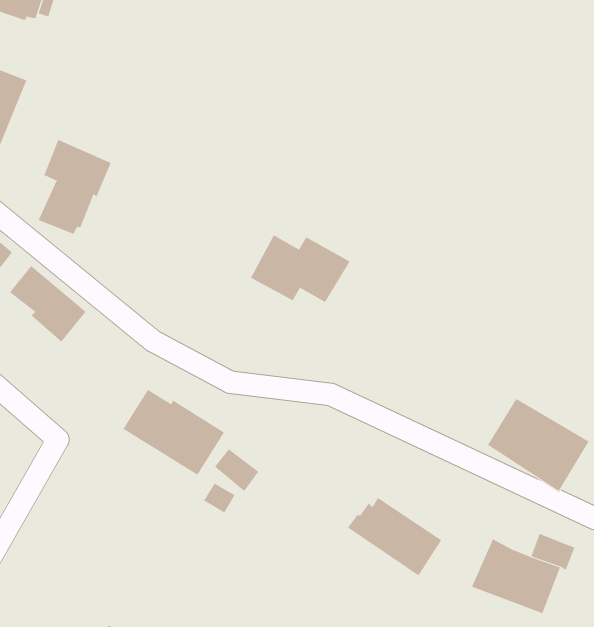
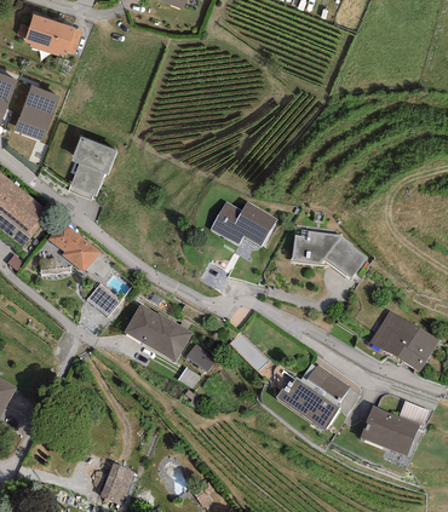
building: none -> [291,230,368,280]
building: none -> [86,283,120,316]
building: none -> [306,363,350,402]

